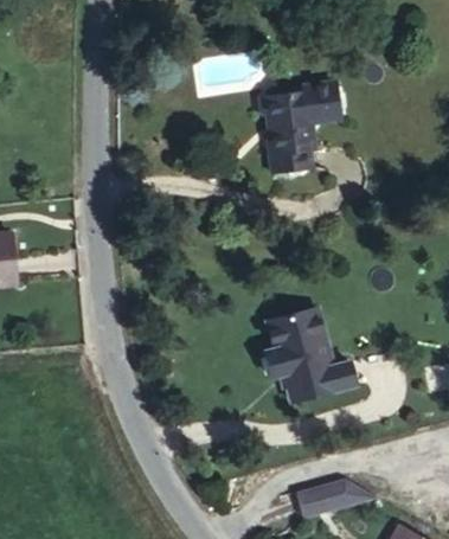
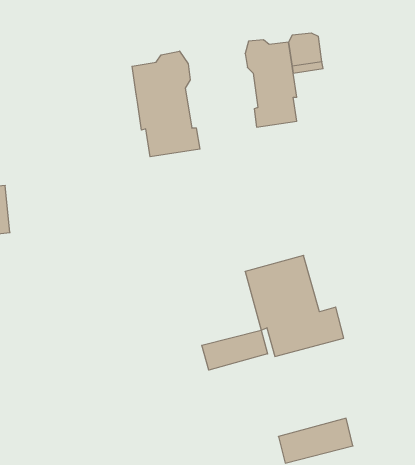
building: none -> [132,51,200,157]
building: none -> [202,330,268,370]

